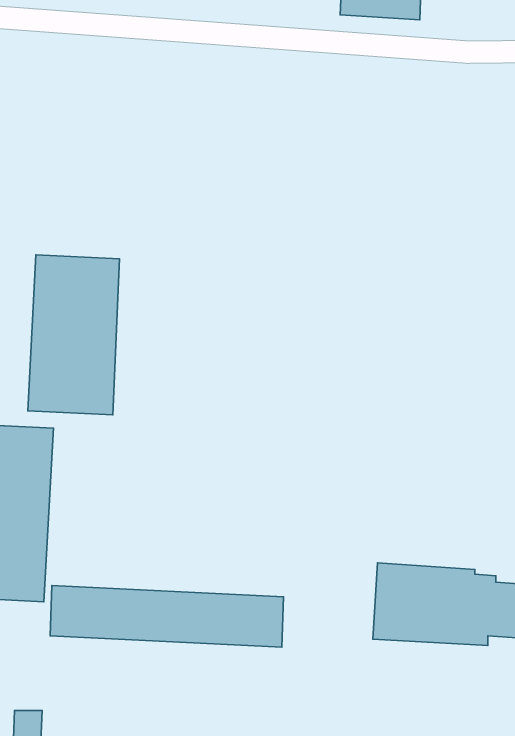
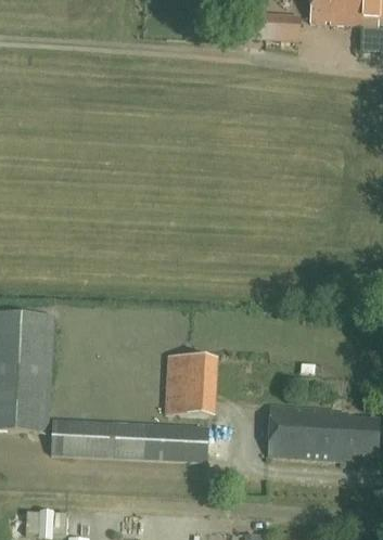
building: [28,255,119,415] -> none
building: none -> [165,355,218,417]

